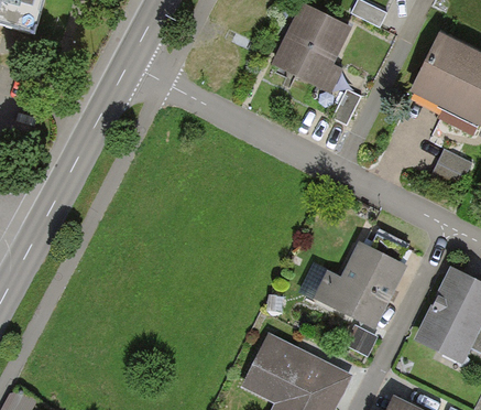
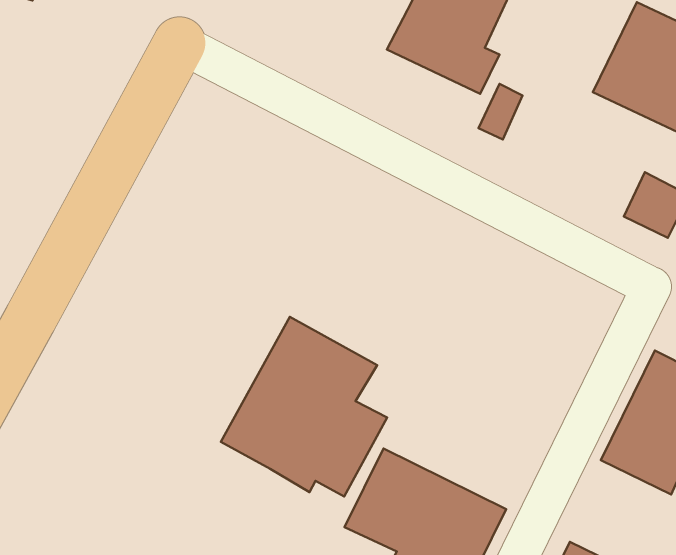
building: [299,240,411,356] -> none
building: none -> [221,317,387,496]

